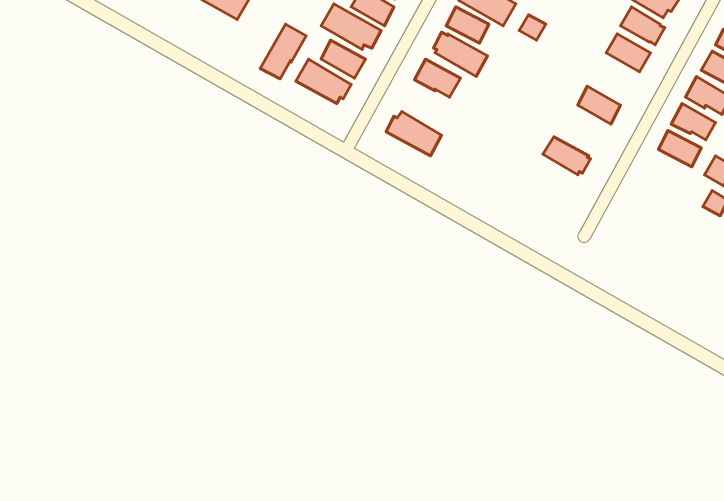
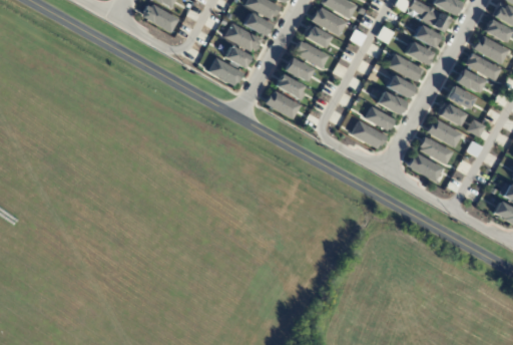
building: [260,24,306,79] -> none
building: none -> [390,53,425,81]
building: none -> [276,73,306,99]
building: none -> [377,90,407,115]
building: none -> [428,119,464,147]
building: none -> [352,120,388,148]
building: none -> [421,136,454,164]
building: none -> [410,153,444,182]

